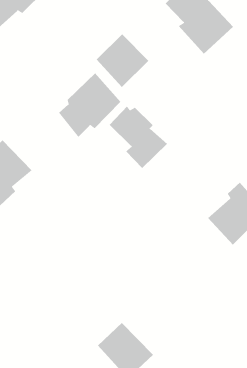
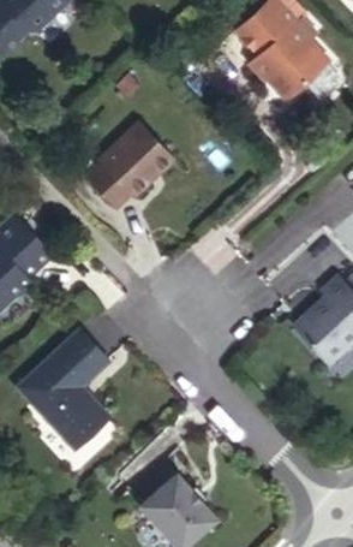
building: [96,34,149,88] -> none
building: [109,105,168,169] -> none
building: none -> [17,328,110,451]

